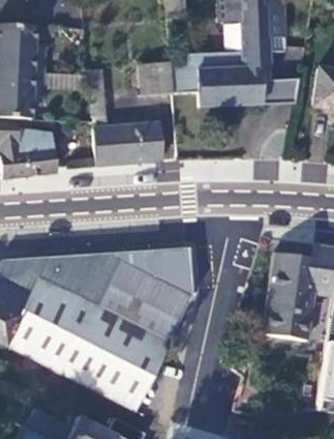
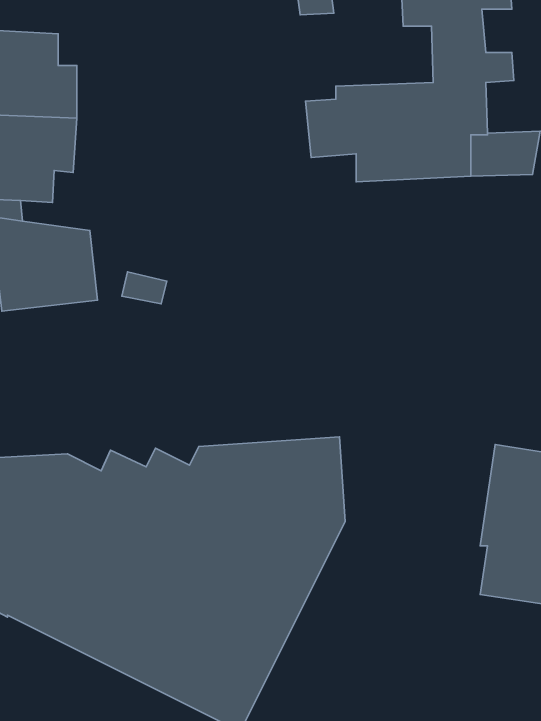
building: [140,62,173,96] -> none
building: [87,69,162,165] -> none

